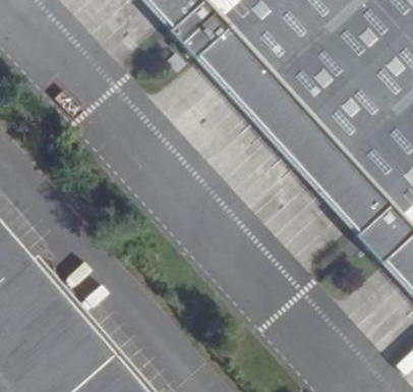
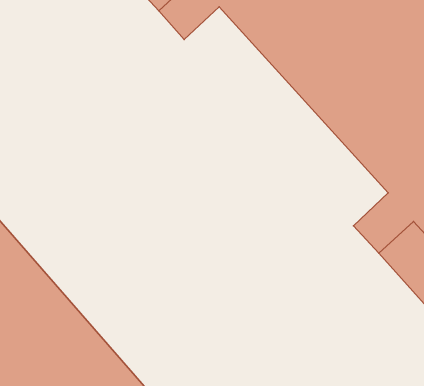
building: [180,11,376,222] -> none

